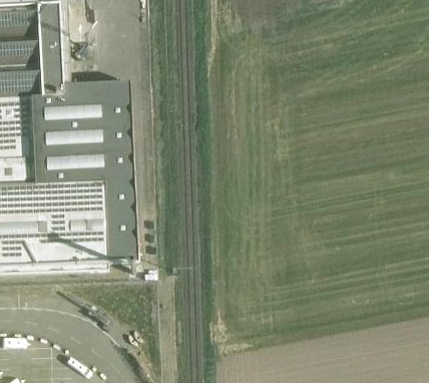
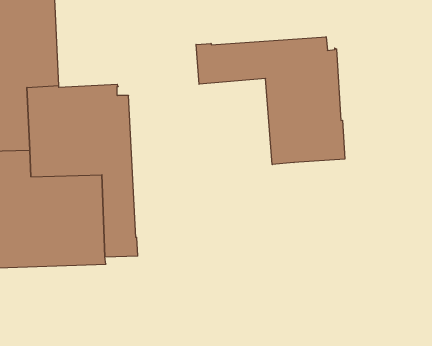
building: none -> [196,37,345,165]

